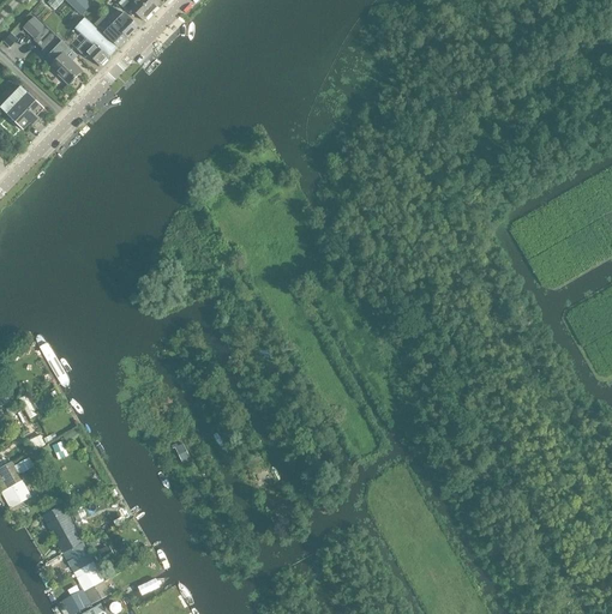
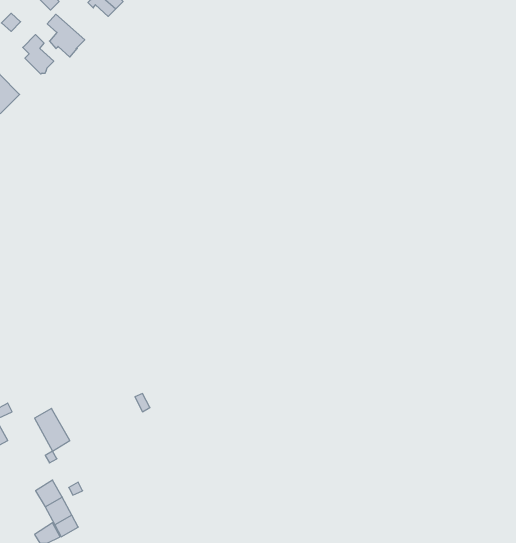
building: [100,11,138,44] -> none
building: [41,504,80,552] -> [35,408,70,451]

